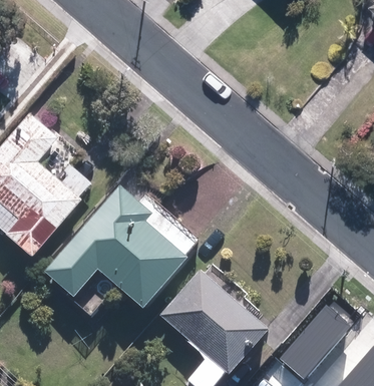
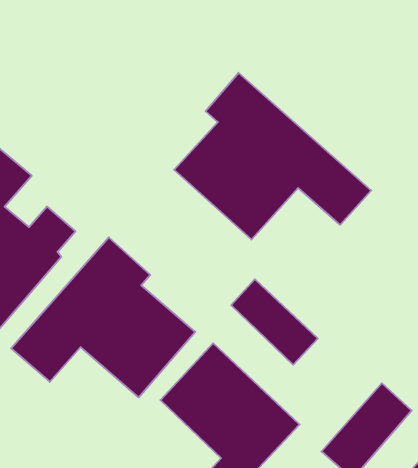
building: none -> [174,73,371,240]
building: none -> [231,279,318,365]

